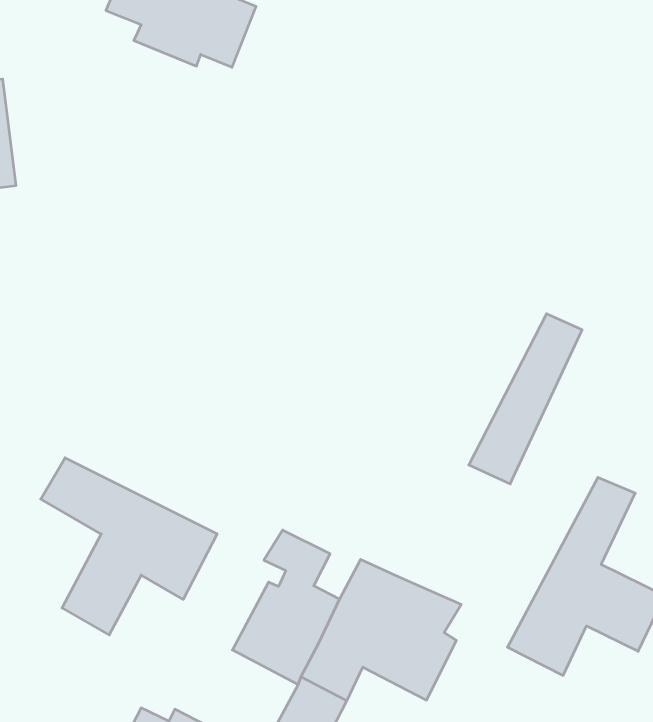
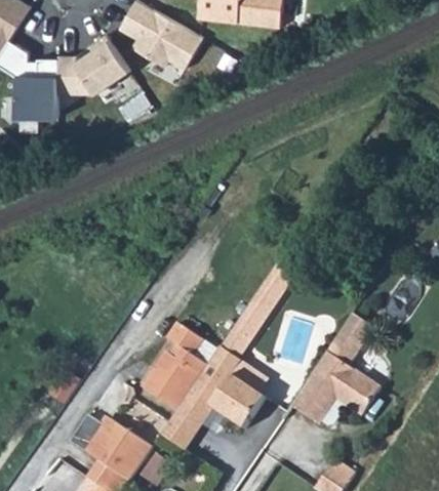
building: none -> [71,34,126,93]
building: [469,314,582,484] -> [218,270,290,361]
building: [41,458,217,635] -> none

